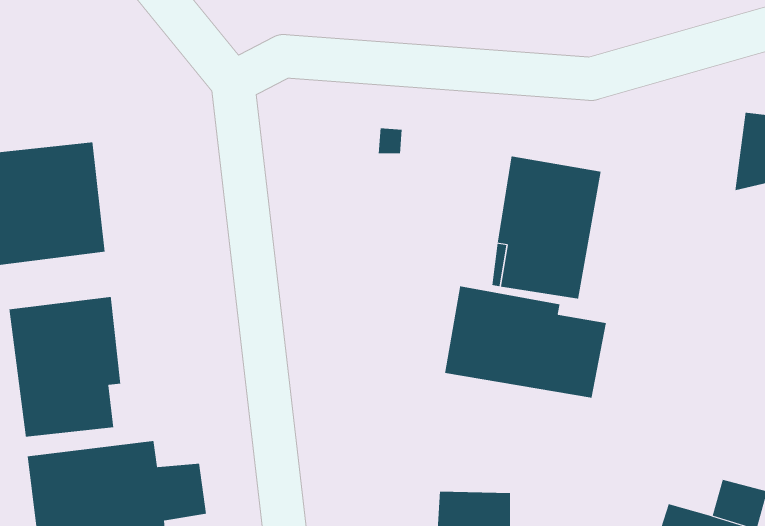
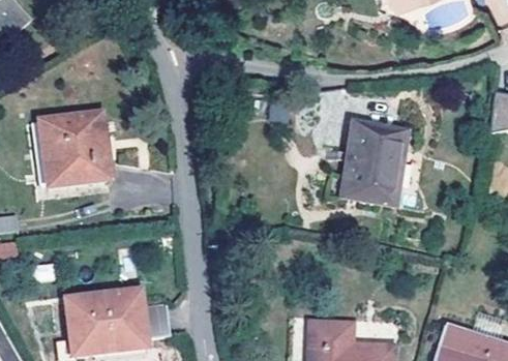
building: [445,285,606,398] -> none
building: [9,296,121,437] -> none

